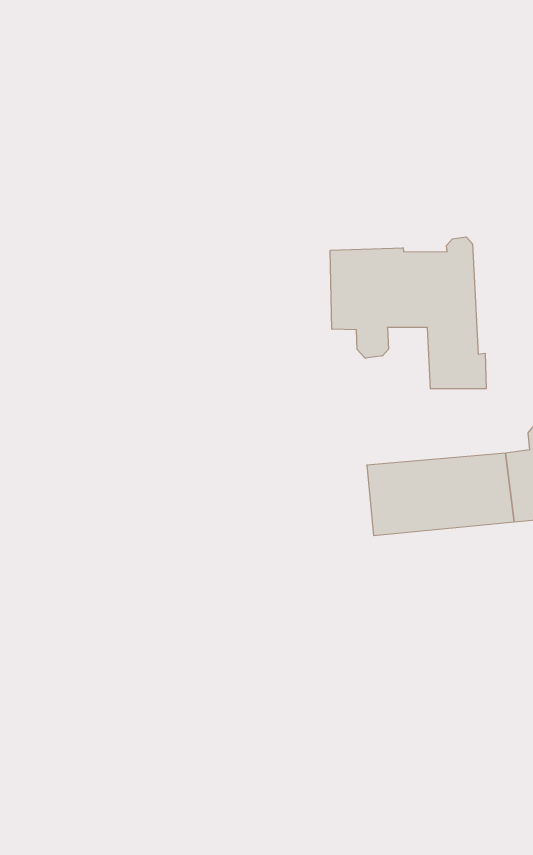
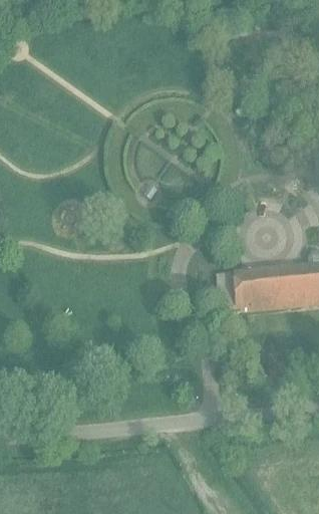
building: [330,237,486,389] -> none

